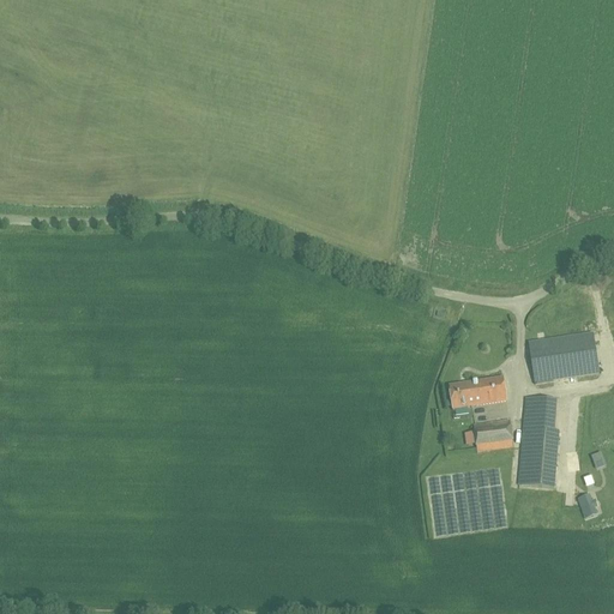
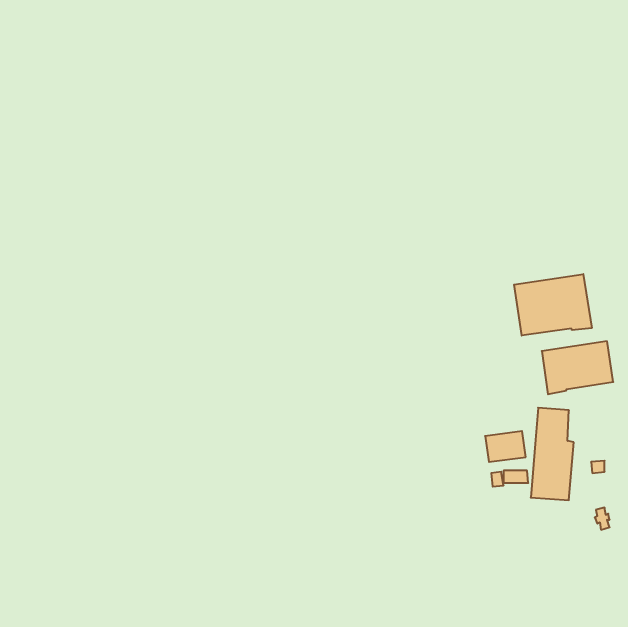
building: none -> [514,274,592,336]
building: [447,377,506,409] -> none

